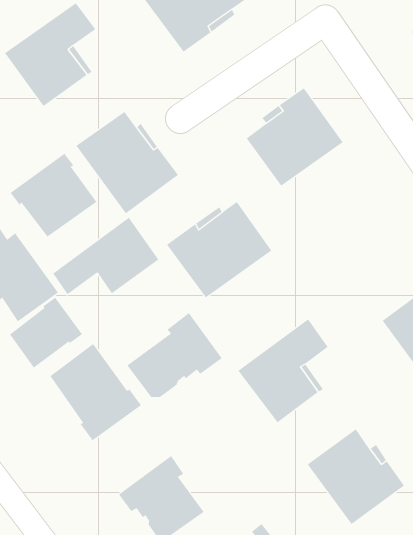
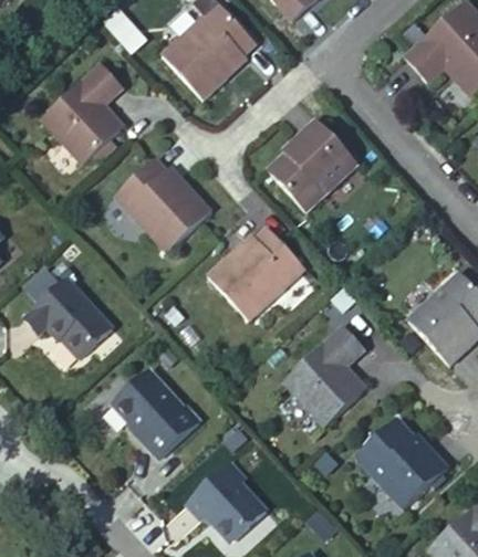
building: [10,153,97,238] -> none
building: [52,217,159,295] -> none
building: [9,297,83,368] -> none
building: [126,312,223,398] -> none

